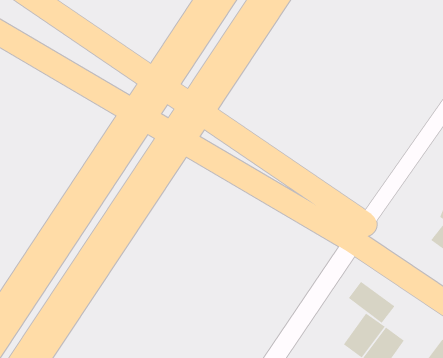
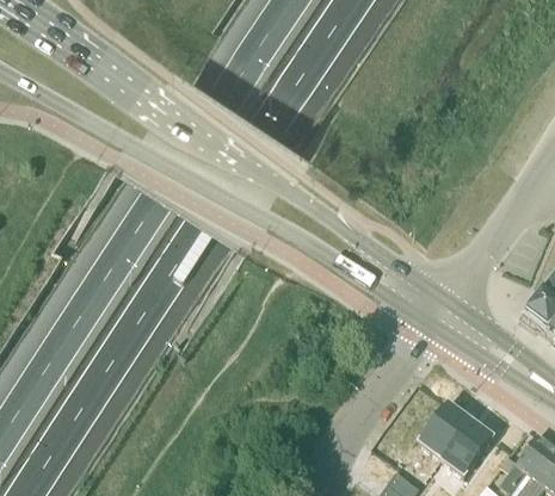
building: [348,281,396,324] -> none

